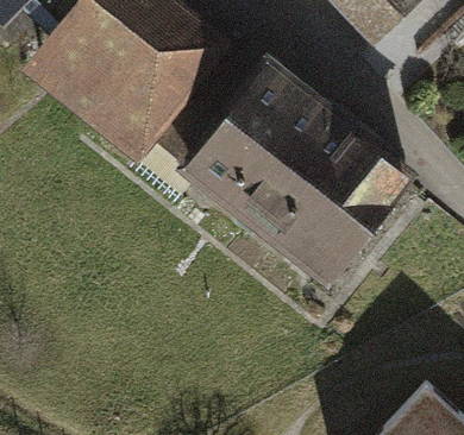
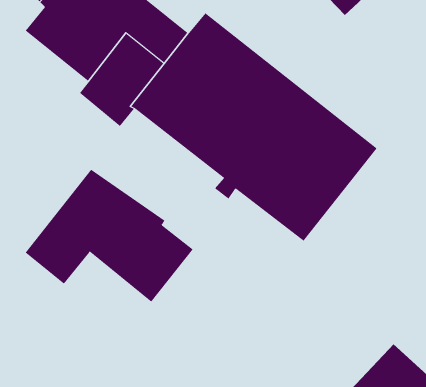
building: none -> [25,169,193,303]

